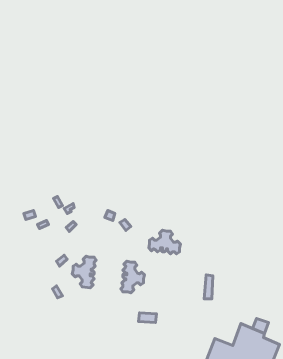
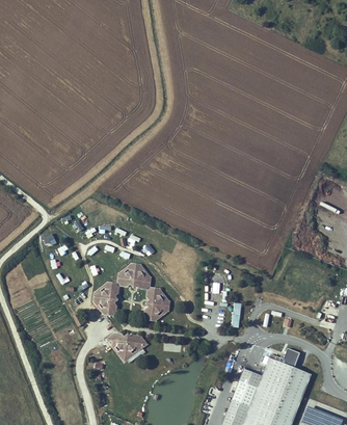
building: [149,230,180,254] -> [117,264,151,289]
building: none -> [107,334,146,363]

